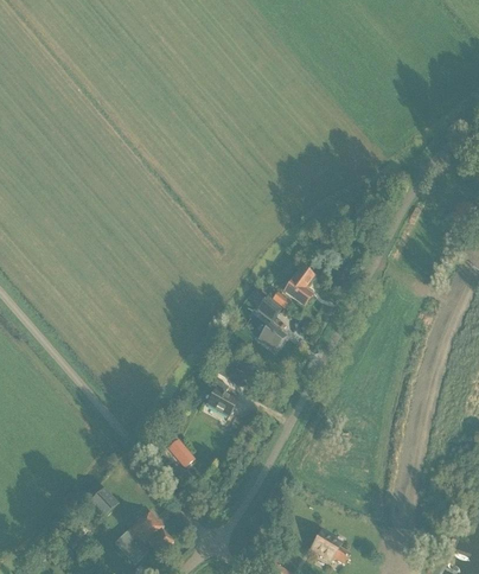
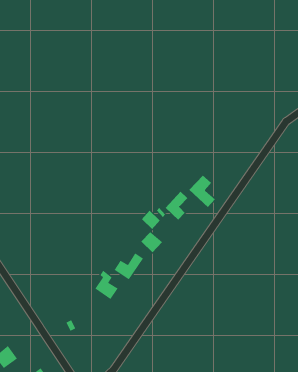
building: none -> [189,175,216,208]
building: none -> [114,253,144,280]

